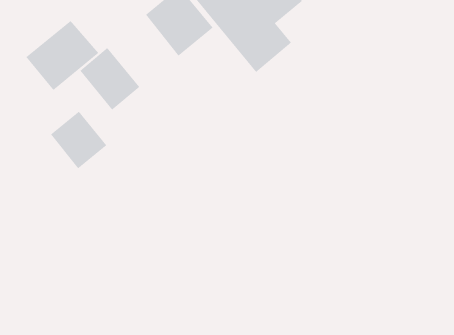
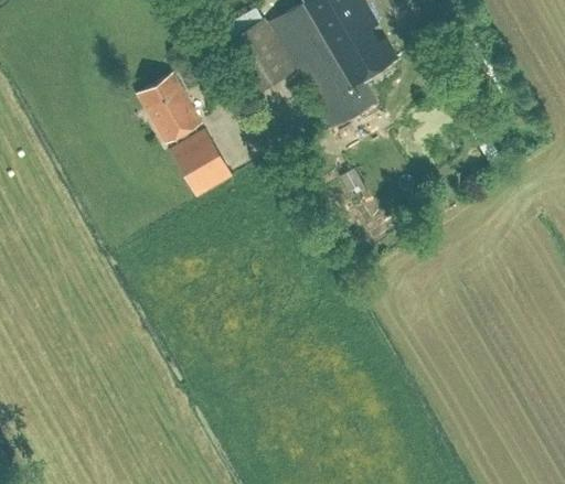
building: [26,20,99,91] -> none
building: [50,111,107,169] -> [172,132,233,196]

